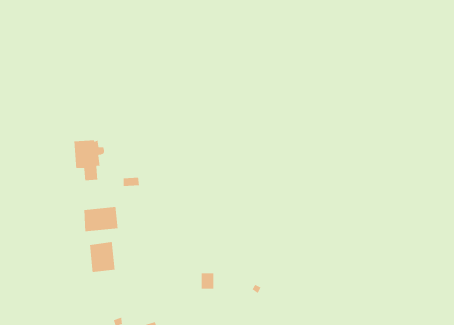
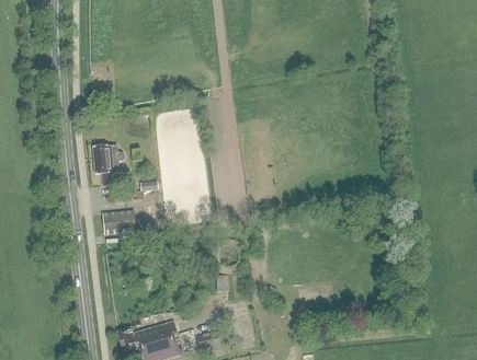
building: [89,241,115,273] -> none

